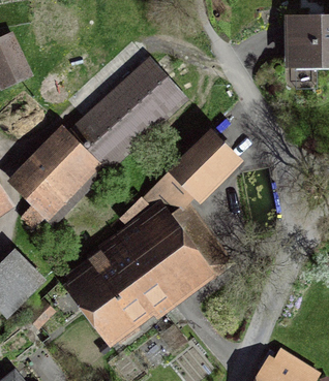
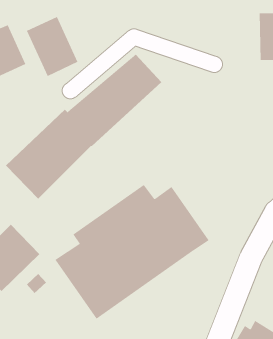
building: none -> [26,16,78,77]
building: [166,132,239,204] -> none

